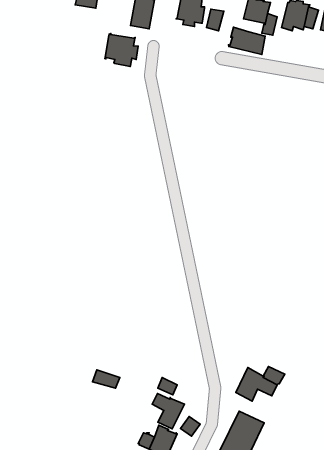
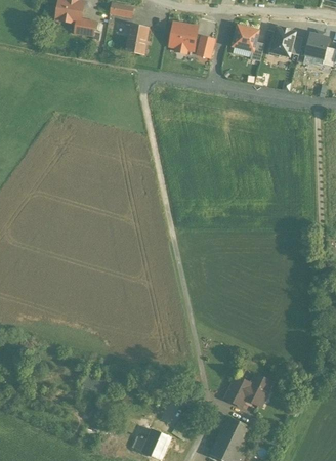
building: [229,27,265,55] -> none
building: [105,33,138,66] -> none
building: [152,393,185,429] -> none

